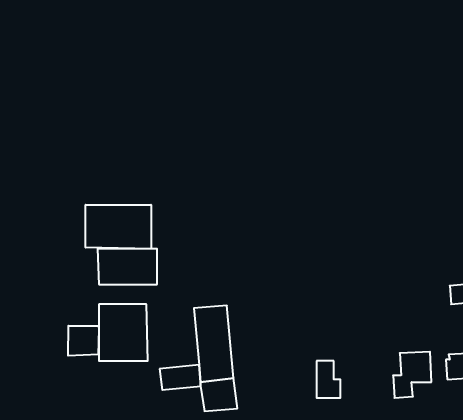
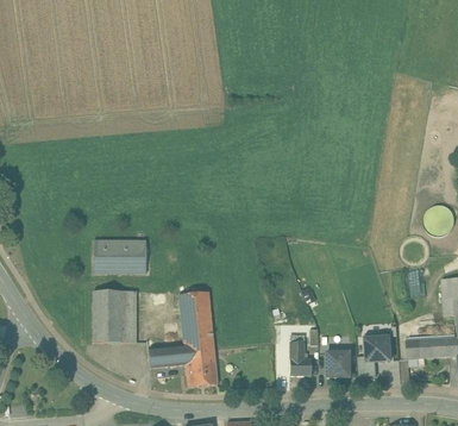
building: [86,205,151,249] -> none
building: [68,326,99,356] -> none
building: none -> [326,352,350,376]

